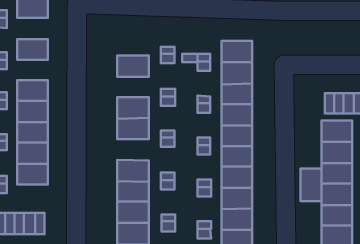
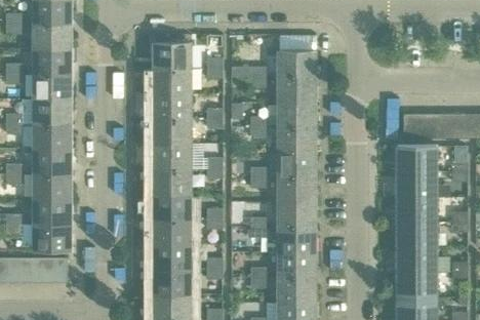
building: none -> [33,23,70,48]
building: none -> [153,42,191,68]
building: none -> [33,73,70,97]
building: none -> [153,93,191,118]
building: none -> [153,168,191,194]
building: [301,168,321,201] -> none
building: none -> [33,223,70,249]

